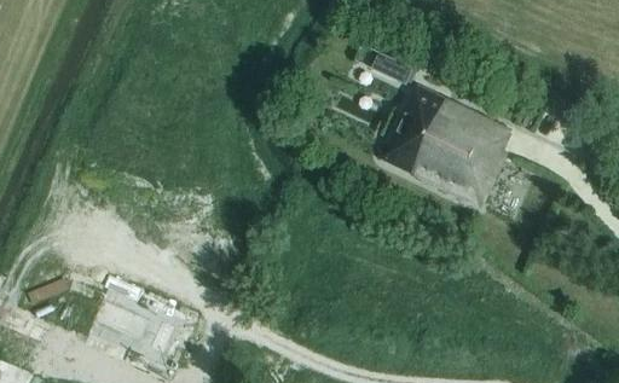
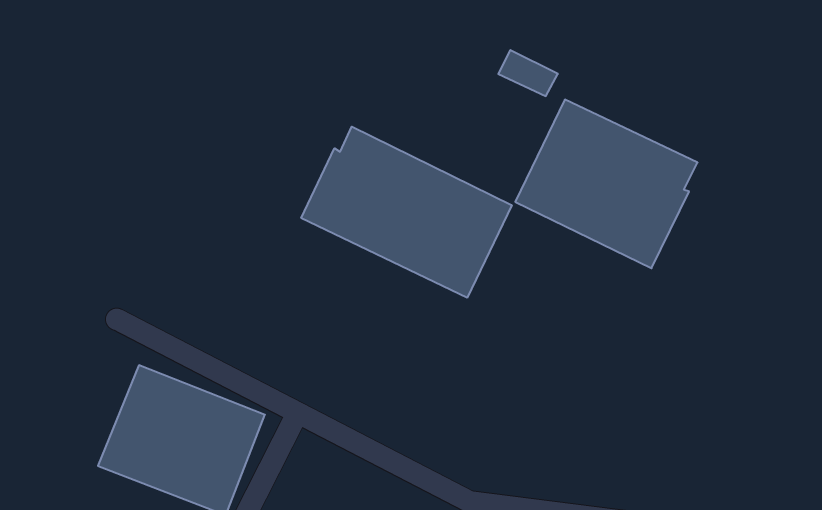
building: none -> [301,127,512,298]

